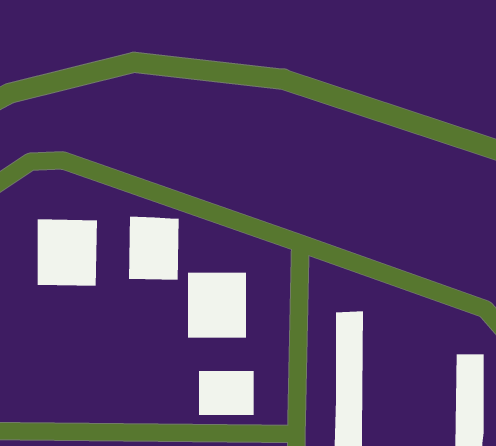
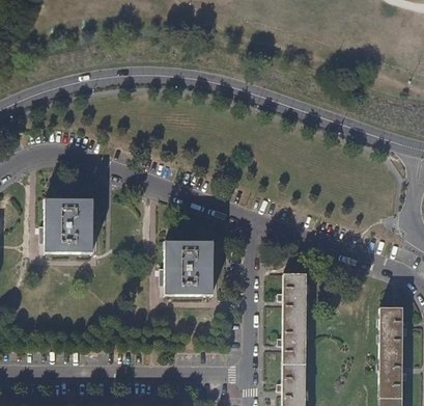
building: [128,216,179,281] -> none
building: [199,370,254,416] -> none

